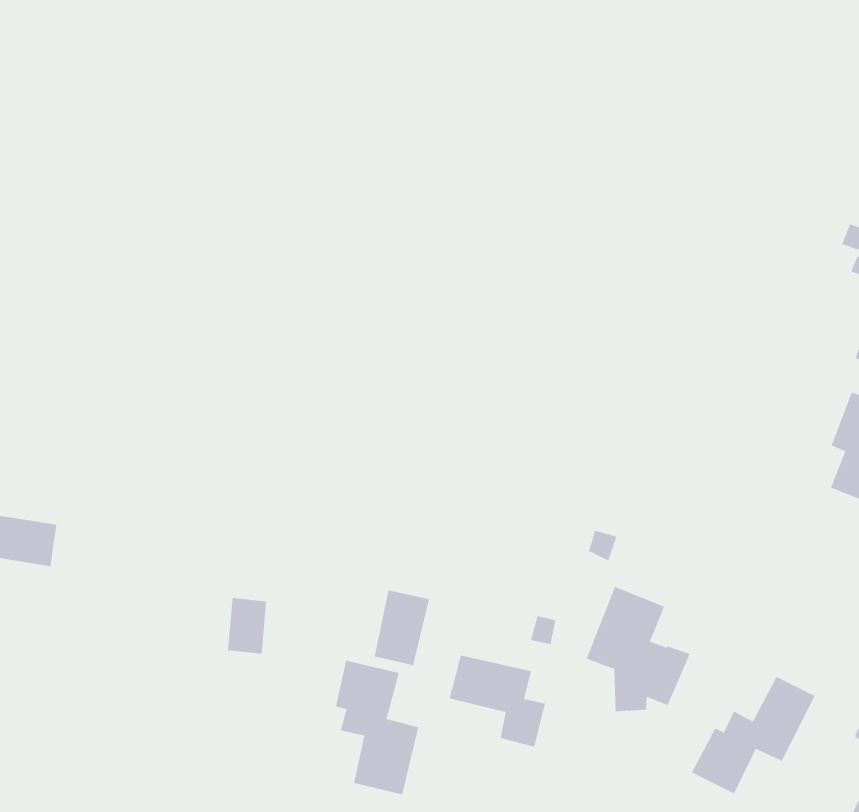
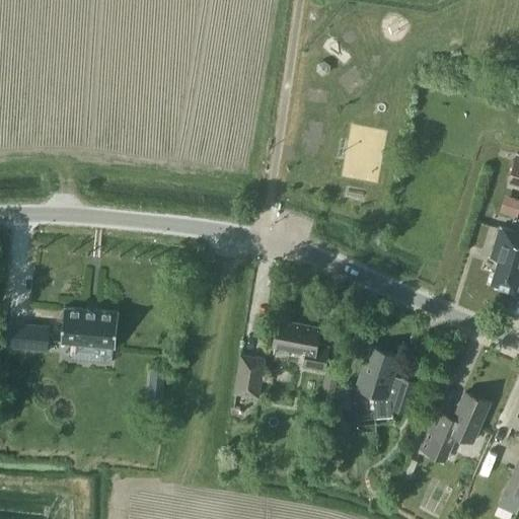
building: none -> [56,308,115,349]
building: [449,655,546,747] -> [274,323,329,374]
building: [335,660,419,795] -> none

